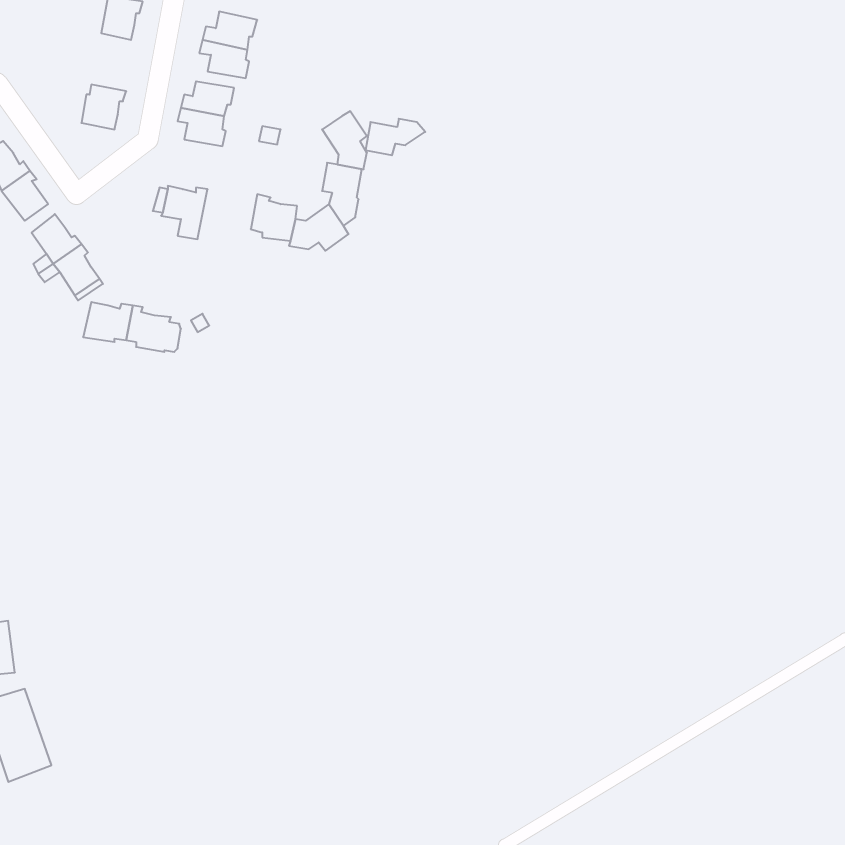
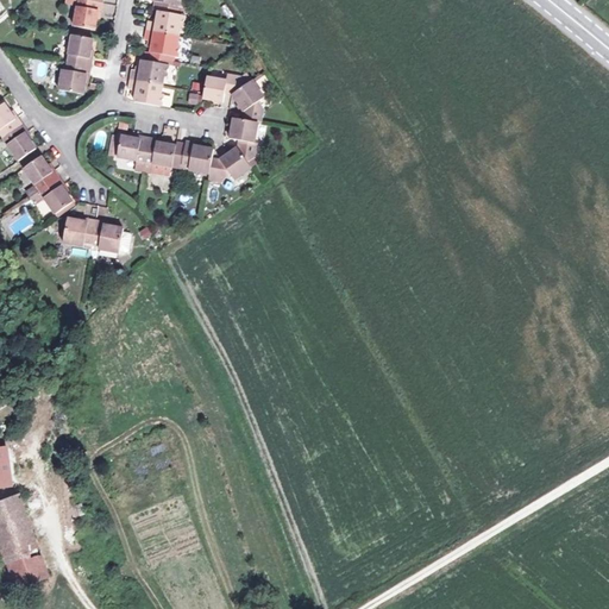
building: none -> [65,33,93,65]
building: [365,119,425,155] -> [202,74,245,100]
building: none -> [142,136,174,175]
building: none -> [6,548,46,586]

